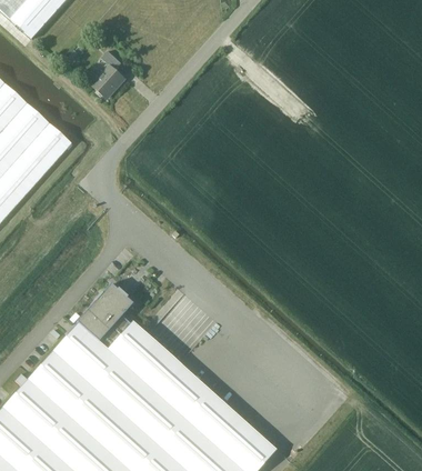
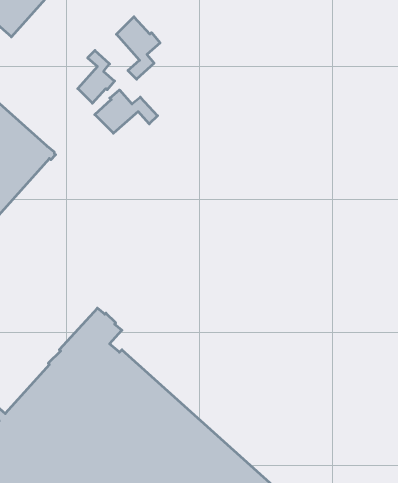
building: none -> [116,17,160,79]
building: none -> [95,90,158,133]

